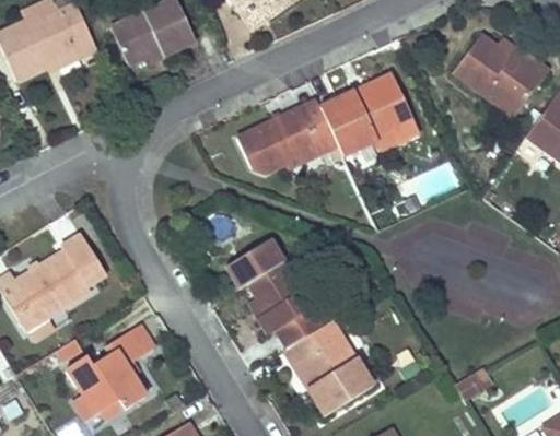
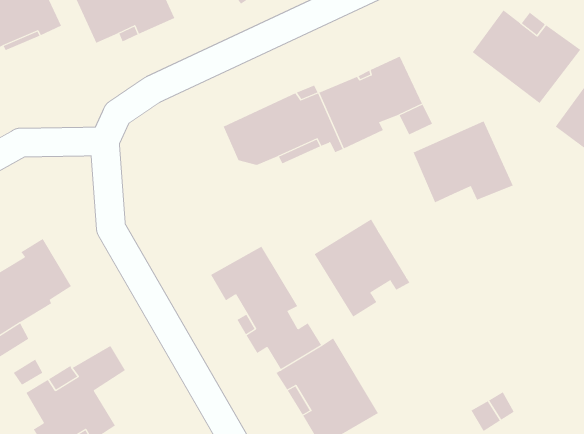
building: none -> [413,120,513,203]
building: none -> [314,218,410,317]

